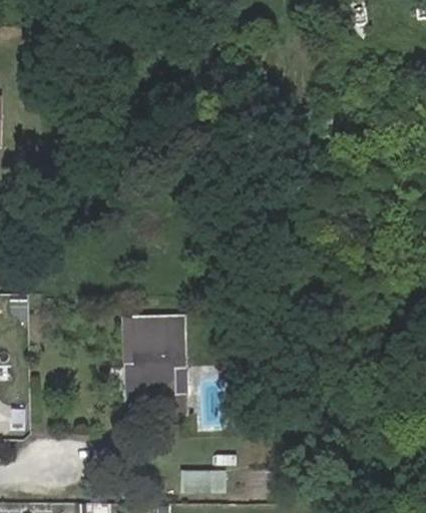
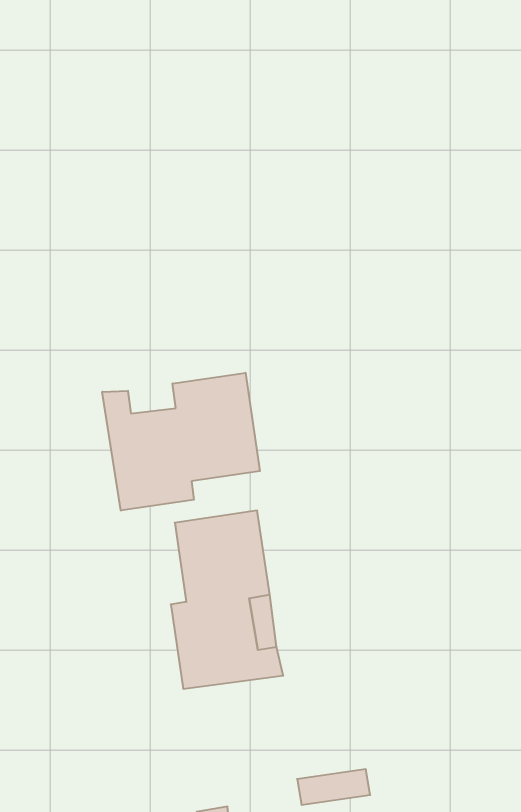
building: none -> [102,373,260,511]

